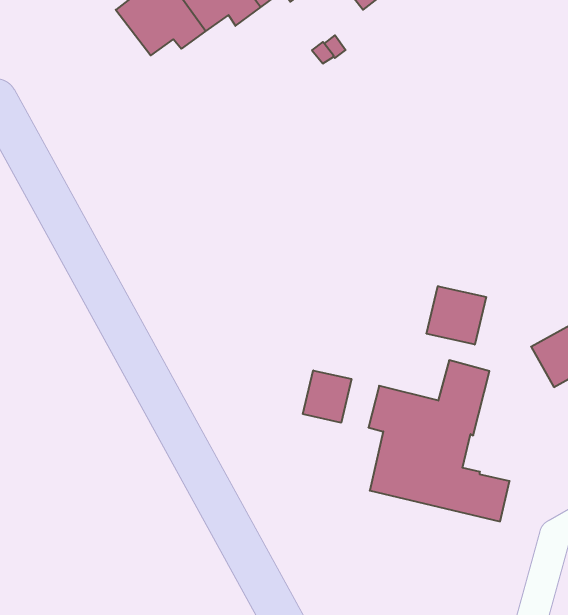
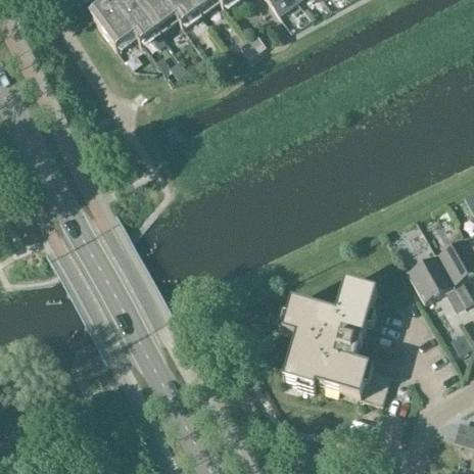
building: [427,286,486,345] -> none
building: [303,370,351,423] -> none

